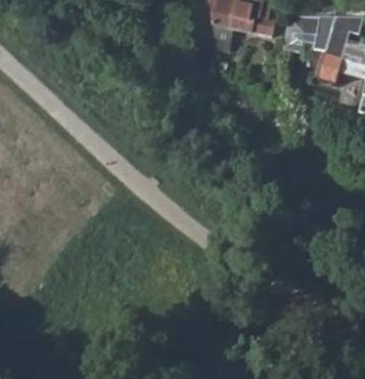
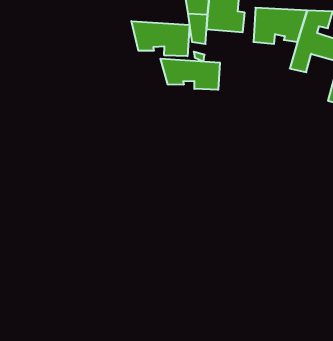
building: none -> [131,21,190,56]
building: none -> [160,59,220,90]

